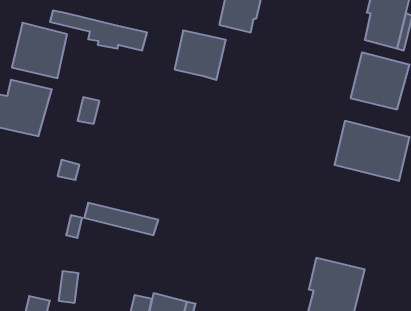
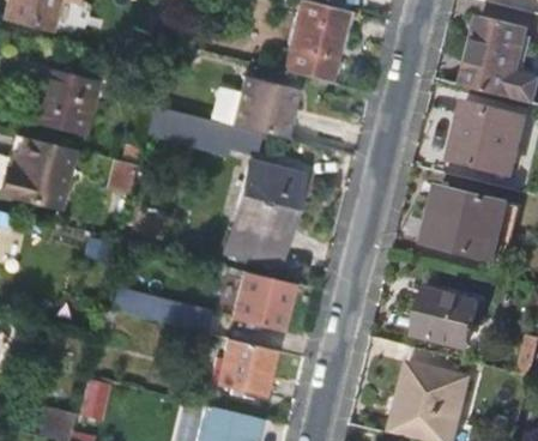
building: [50,11,147,50] -> [146,105,268,156]
building: none -> [228,164,300,264]
building: none -> [234,270,292,330]
building: none -> [417,288,478,344]
building: none -> [218,339,274,395]

